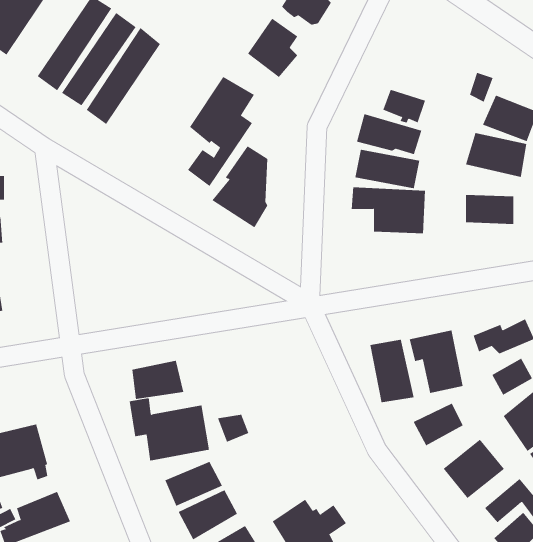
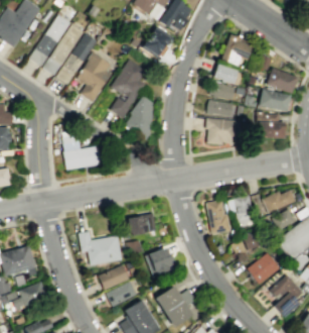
building: none -> [220,33,254,67]
building: none -> [78,52,111,103]
building: none -> [62,135,100,170]
building: [131,360,184,400] -> [128,213,156,234]
building: none -> [145,247,177,278]

